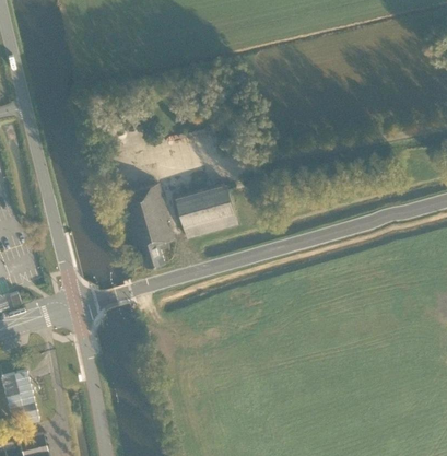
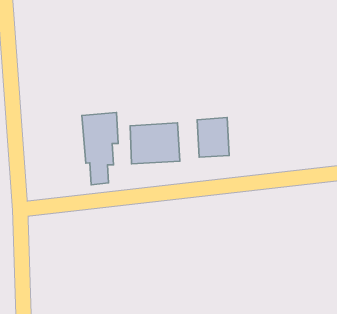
building: none -> [197,118,229,157]

